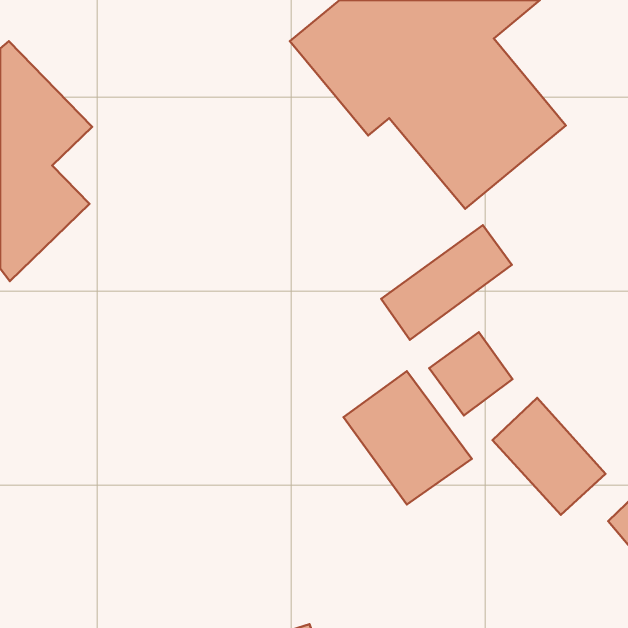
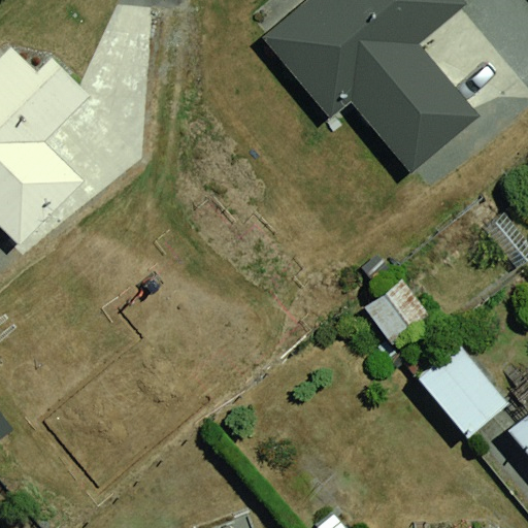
building: [381,225,512,340] -> none
building: [344,371,472,505] -> none

